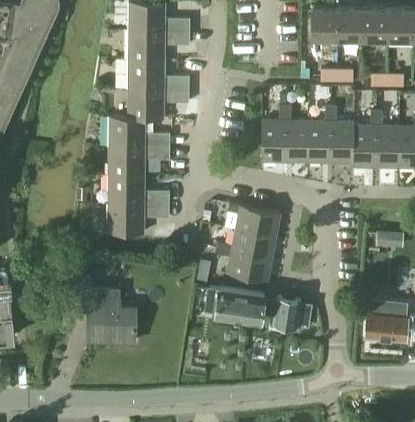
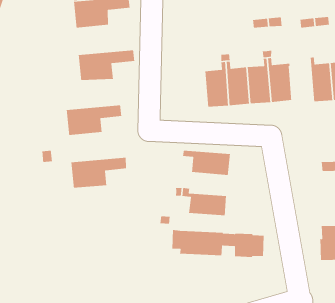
building: [127,61,188,90] -> none
building: [108,117,168,148] -> none
building: [353,118,377,167] -> none
building: [107,176,168,205] -> none
building: [232,229,276,258] -> none
building: [75,276,135,343] -> none

